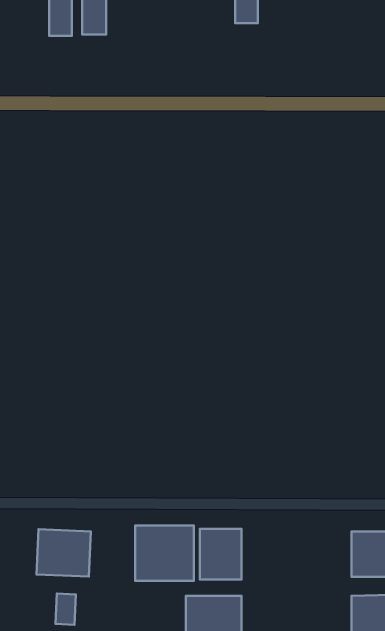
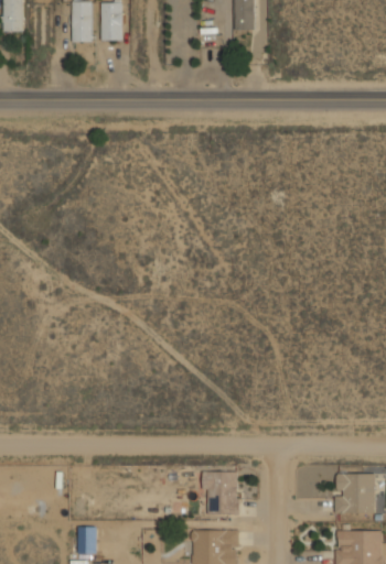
building: [135,526,194,581] -> none
building: [36,529,91,577] -> none

